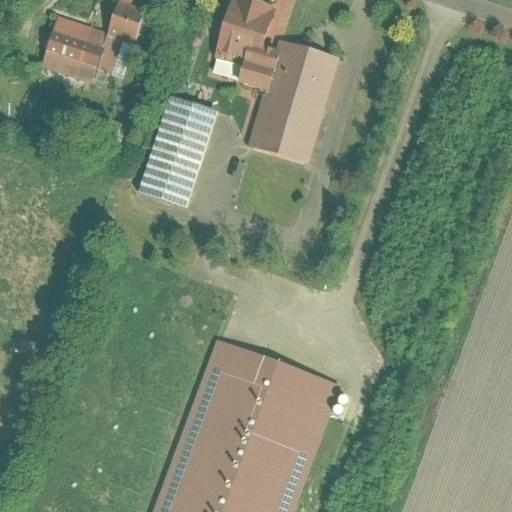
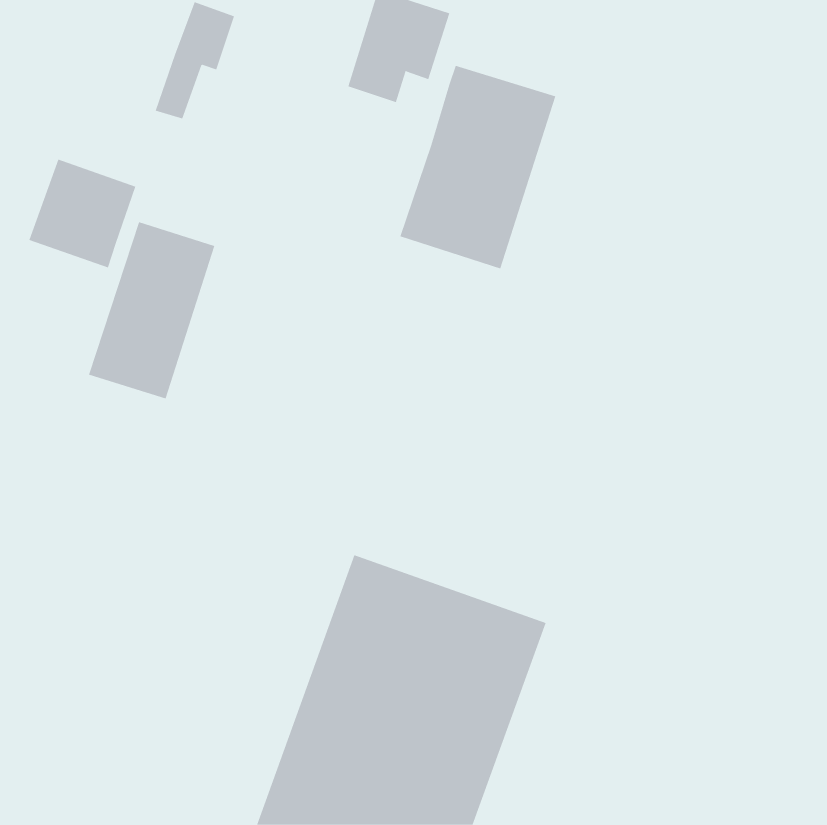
building: [41,16,107,83] -> [29,159,136,268]
building: [238,44,275,89] -> none
building: [139,97,217,206] -> [88,222,215,399]

